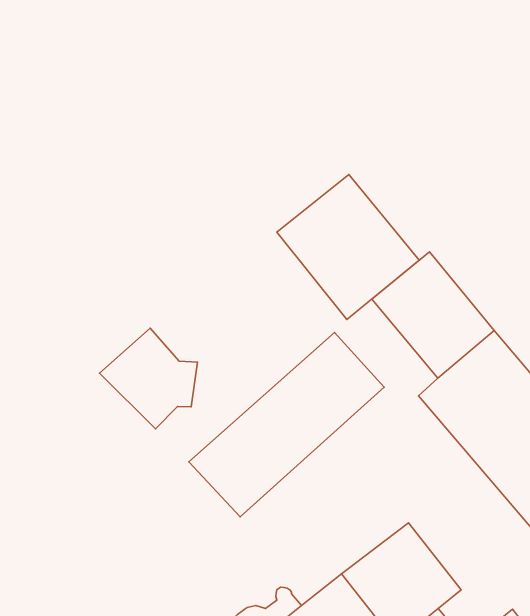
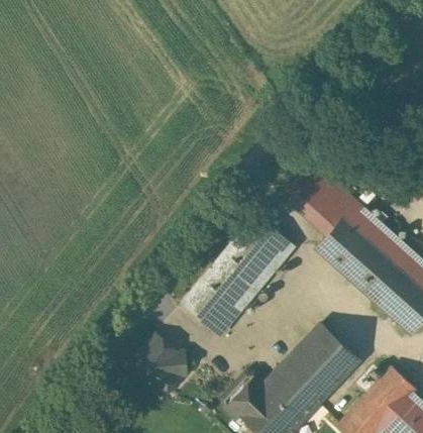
building: [277,175,419,320] -> none
building: [99,328,198,429] -> [130,334,188,394]

